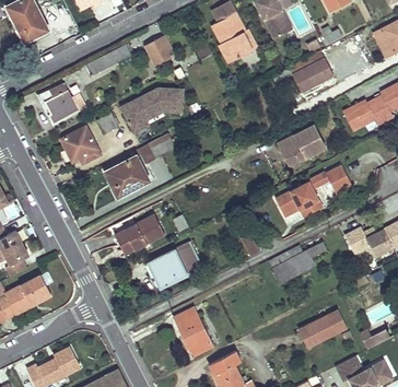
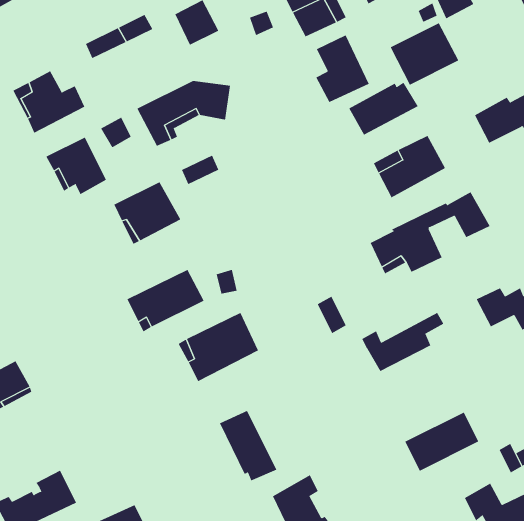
building: none -> [315,34,369,103]
building: none -> [349,82,418,135]

